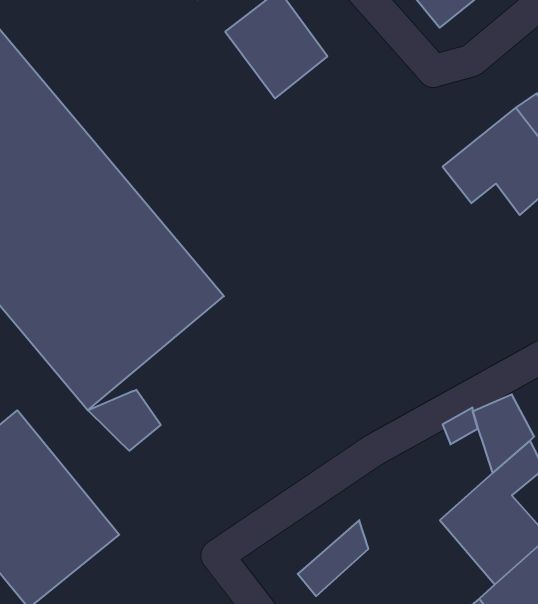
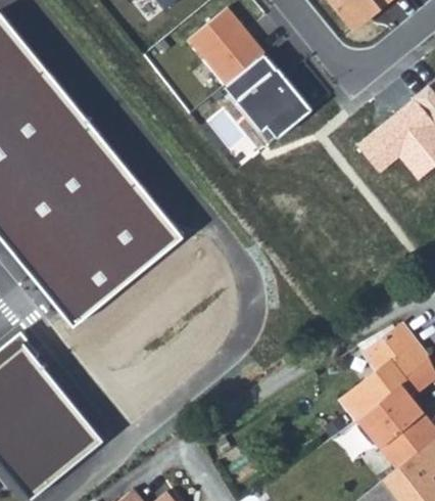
building: none -> [226,56,312,140]
building: [88,390,161,451] -> none
building: [298,520,368,596] -> [340,359,395,418]

